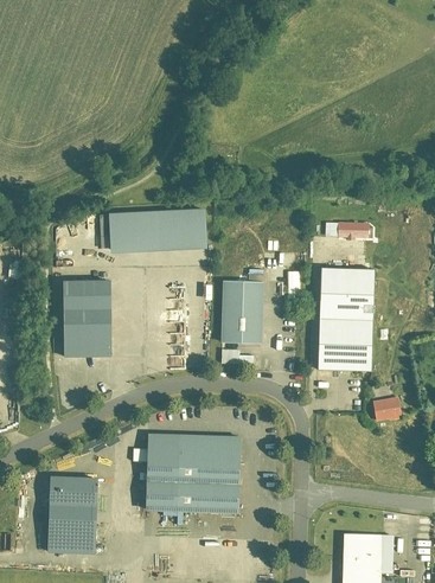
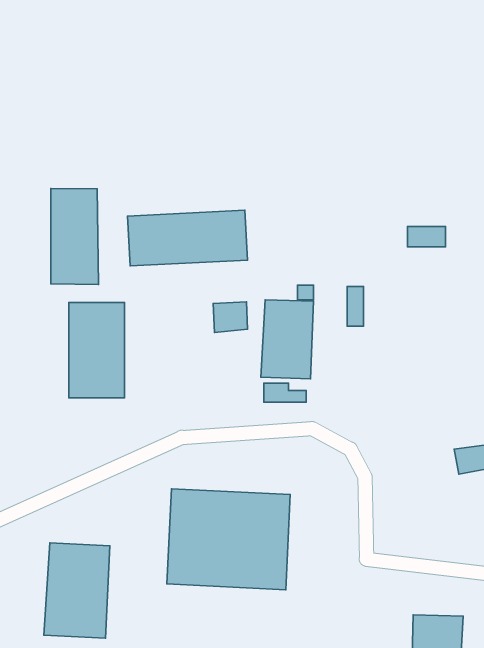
building: none -> [51,188,99,284]
building: [318,268,373,372] -> none
building: none -> [213,302,248,332]

